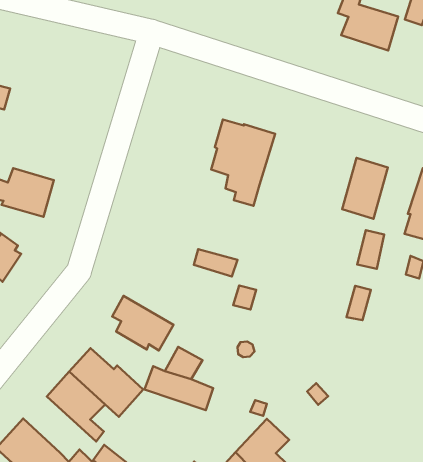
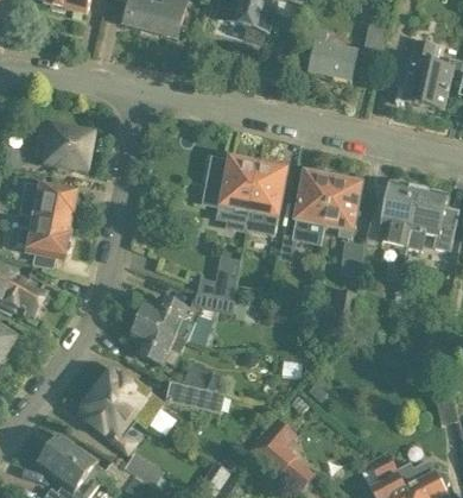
building: none -> [32,125,89,169]
building: none -> [23,183,75,222]
building: none -> [249,163,287,215]
building: none -> [296,172,332,234]
building: none -> [139,291,234,340]

